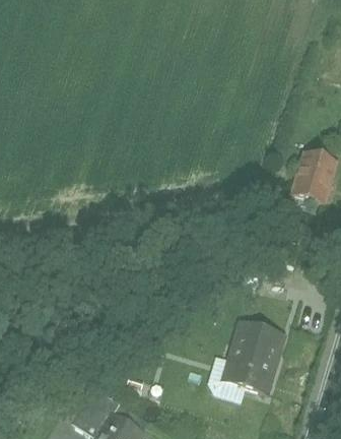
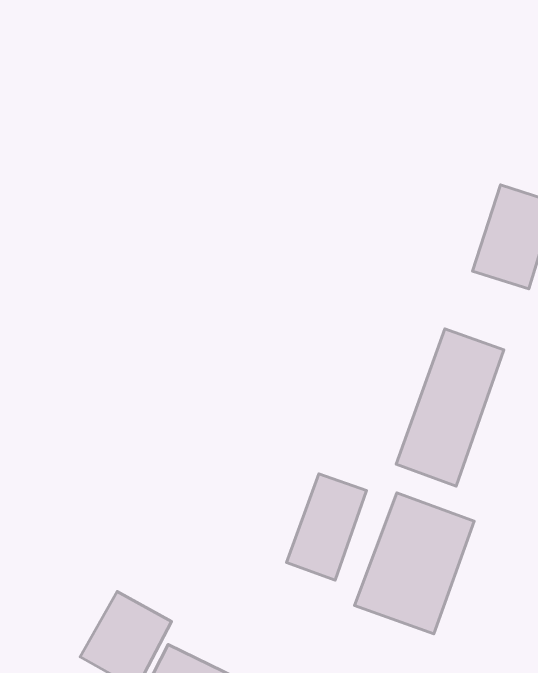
building: none -> [396,329,504,486]
building: none -> [287,474,366,580]

